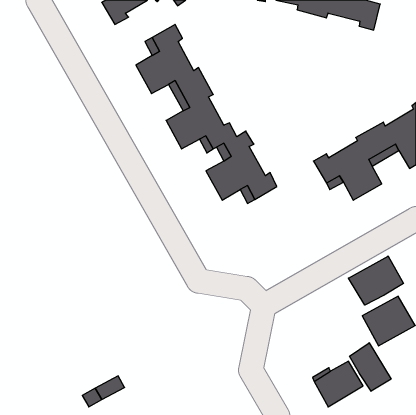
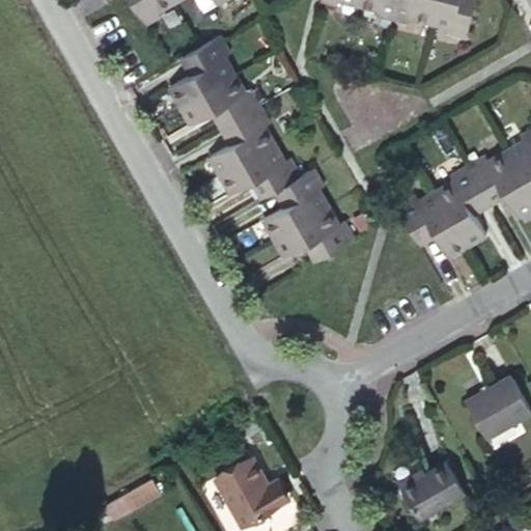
building: [348,256,403,305] -> none
building: [350,343,391,391] -> none
building: none -> [212,455,284,525]

